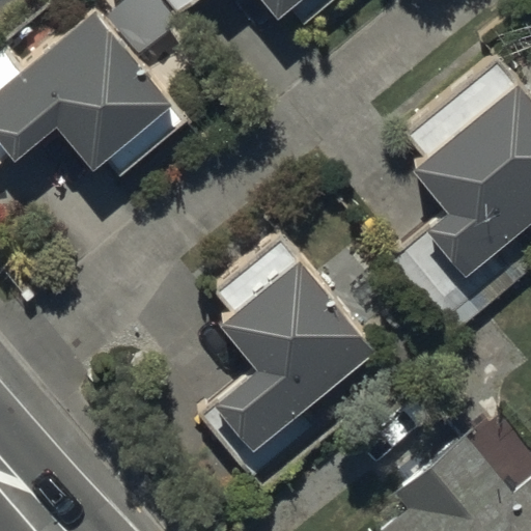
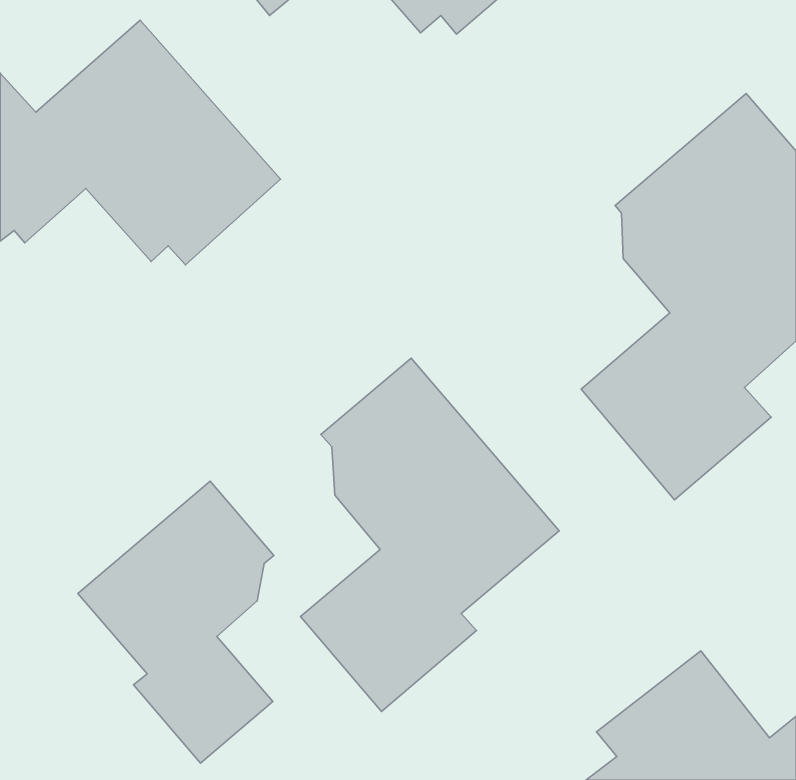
building: none -> [78,481,274,763]

